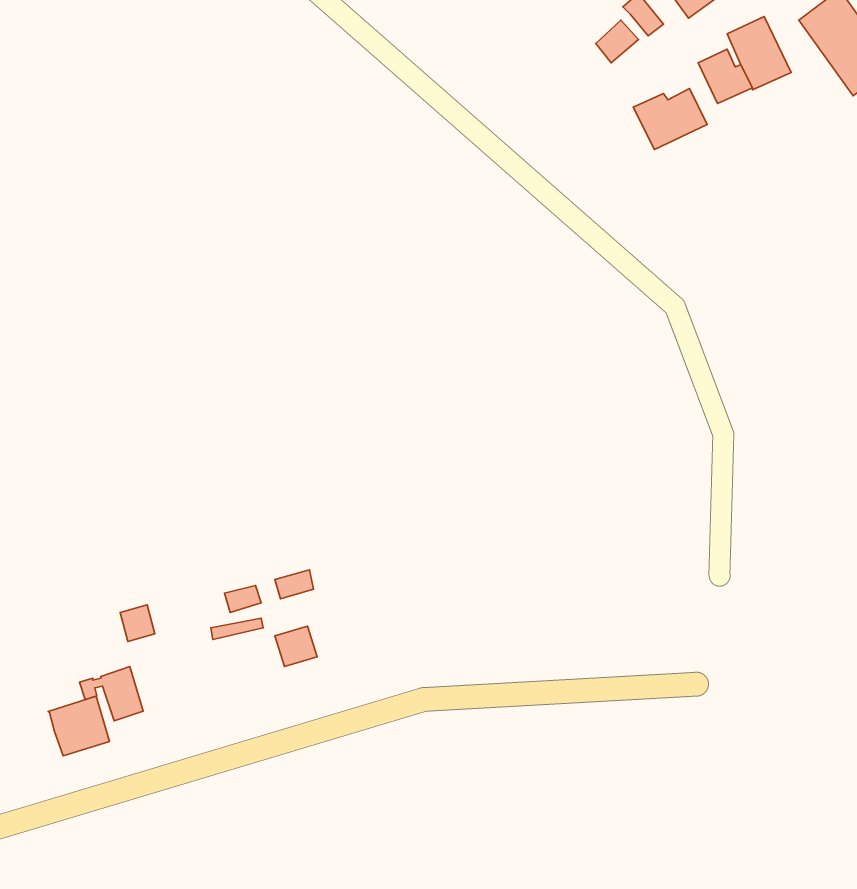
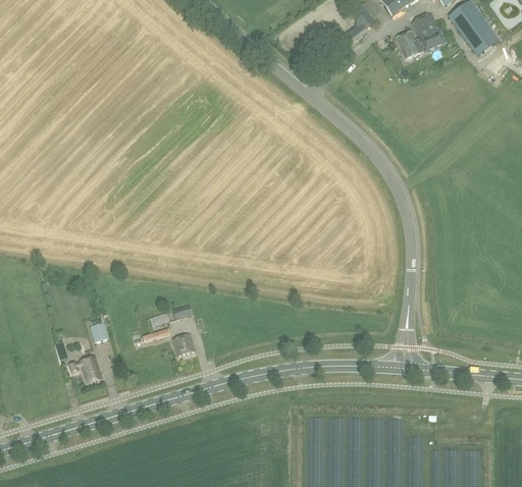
building: [633,89,707,149] -> none
building: [48,696,110,756] -> none

